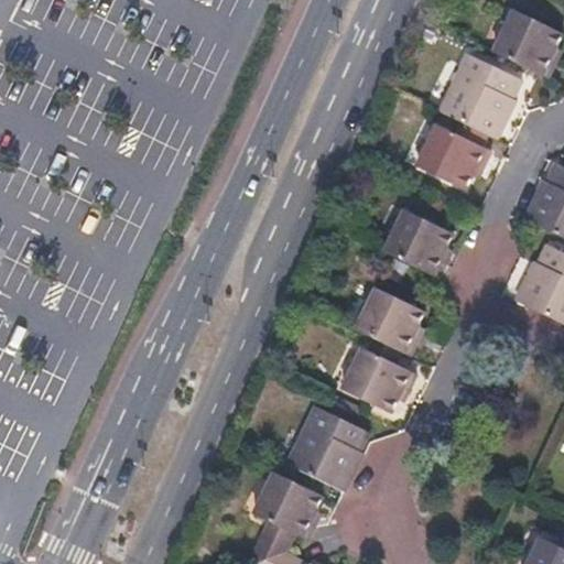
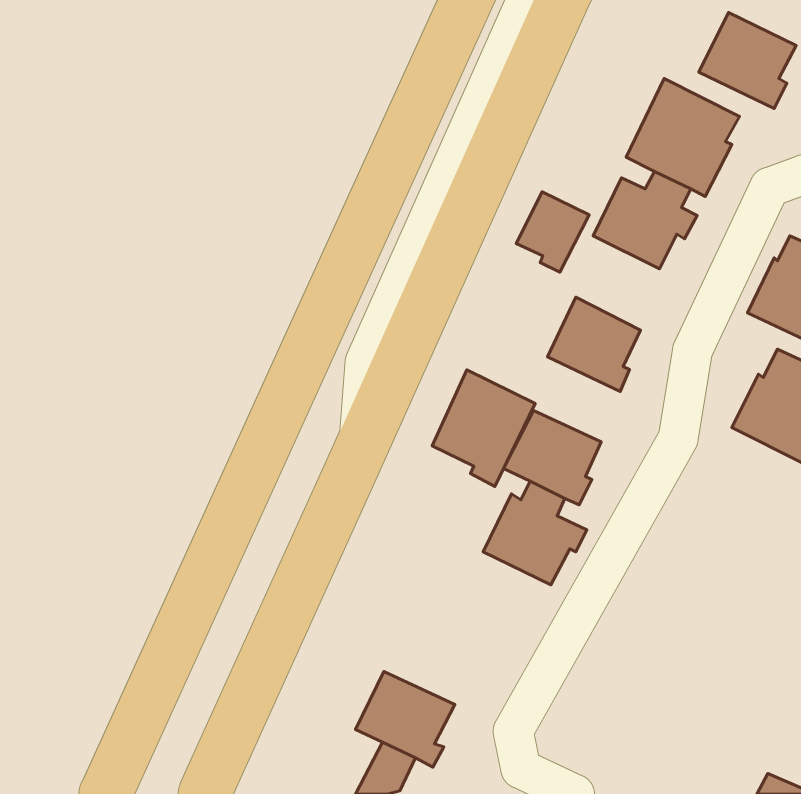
building: none -> [516,192,589,272]
building: none -> [432,370,535,487]
building: [285,404,364,487] -> none

